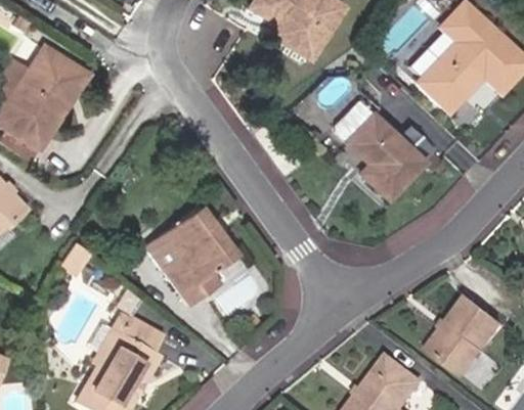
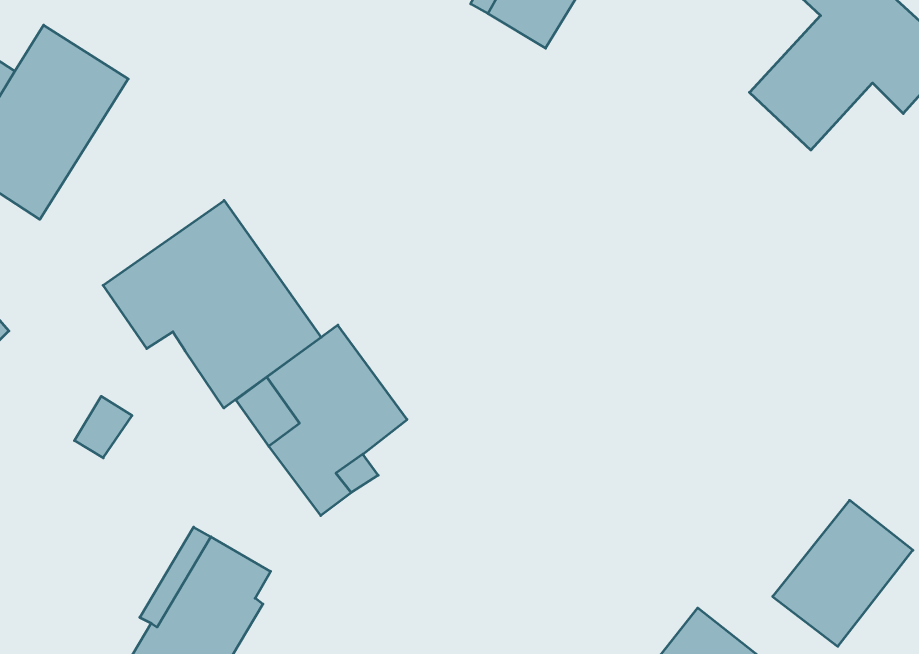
building: [335,101,423,198] -> none
building: none -> [103,200,321,408]

